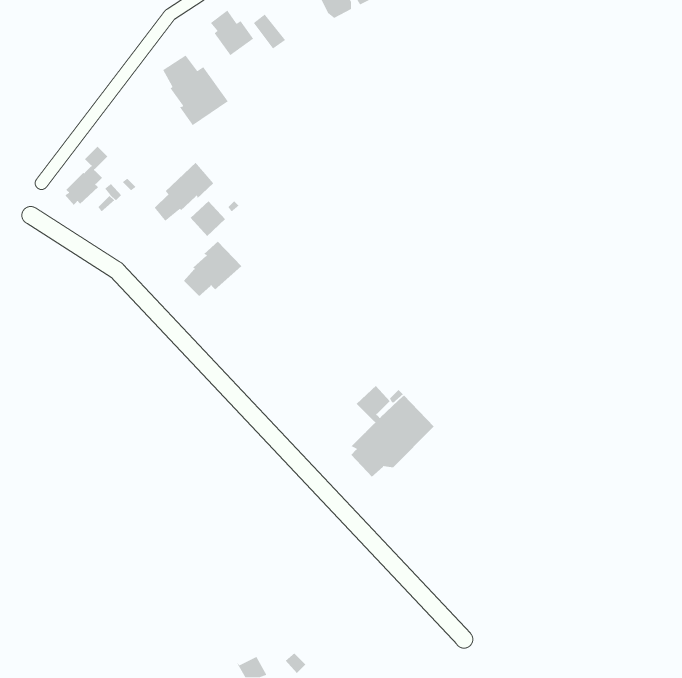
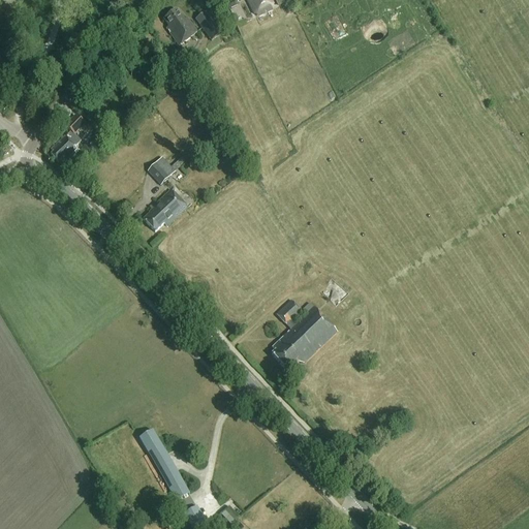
building: [162,54,229,126] -> none
building: [154,162,214,222] -> none
building: none -> [137,428,189,499]

